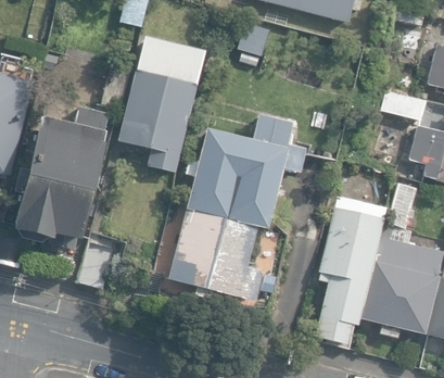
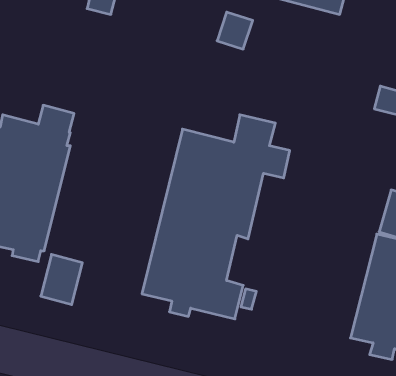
building: [119,38,203,173] -> none
building: [313,197,381,344] -> none

